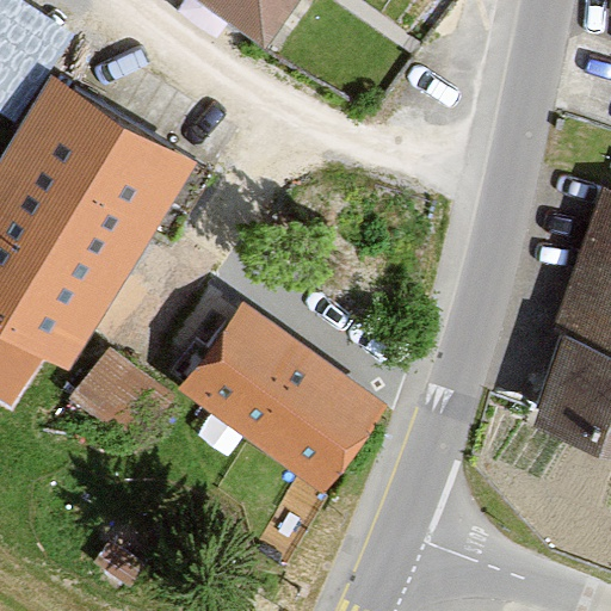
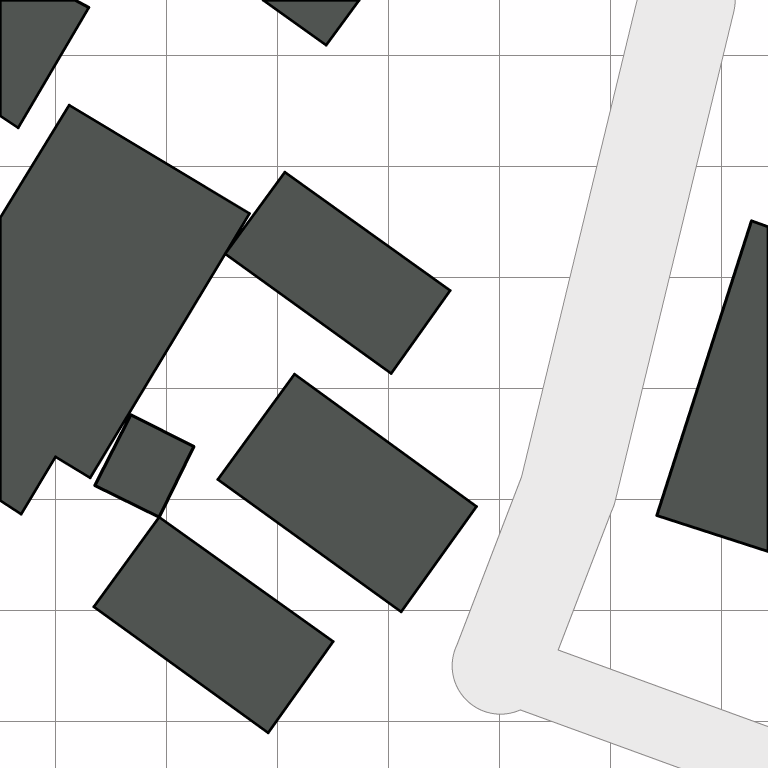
building: none -> [225,172,450,373]
building: none -> [94,517,333,733]

